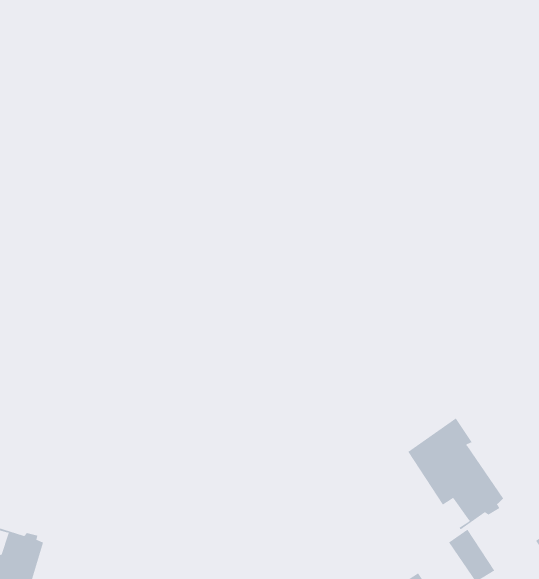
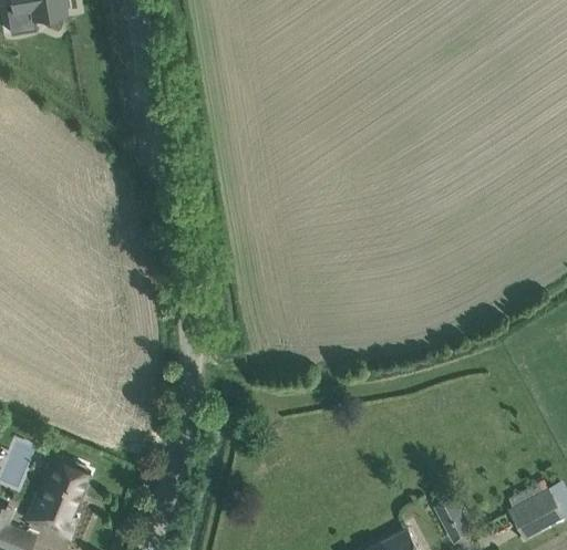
building: [407,418,504,530] -> none

